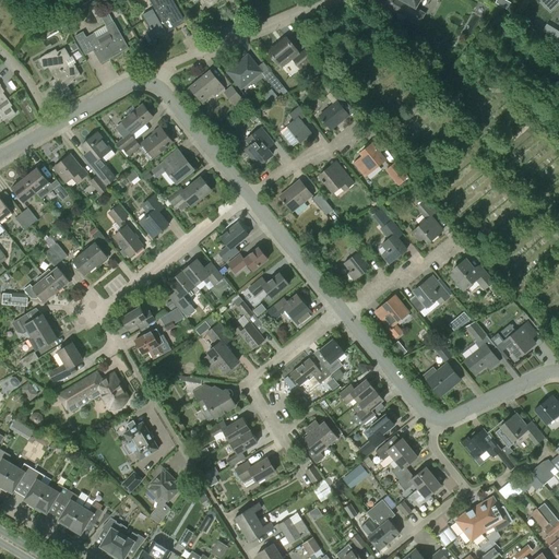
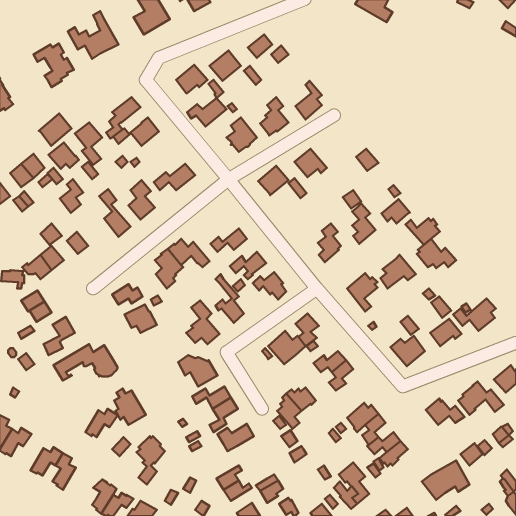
building: none -> [39,113,72,146]
building: [353,142,384,176] -> none
building: [151,155,193,186] -> [187,98,227,126]
building: [219,222,247,260] -> none
building: [83,229,108,265] -> [60,179,83,213]
building: none -> [405,218,440,245]
building: [362,413,394,447] -> none
building: [23,468,47,508] -> none
building: [68,503,103,534] -> [85,409,118,437]

